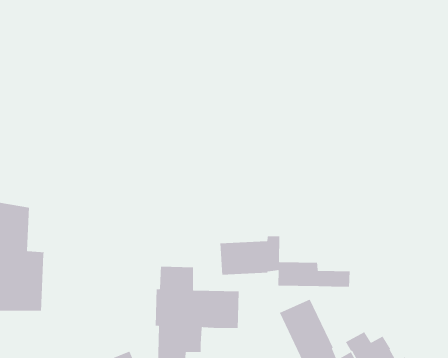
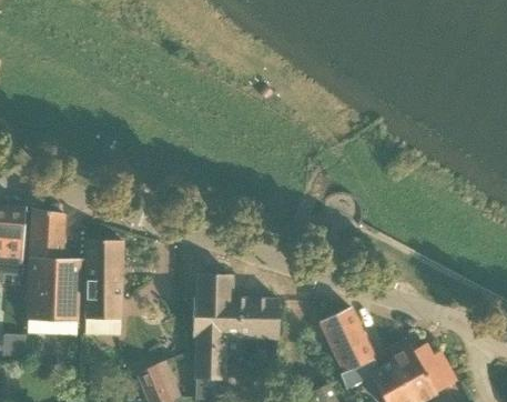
building: none -> [84,239,123,320]
building: [219,235,350,287] -> none

